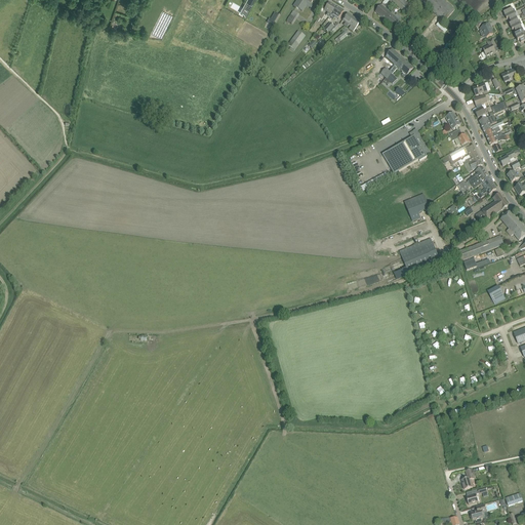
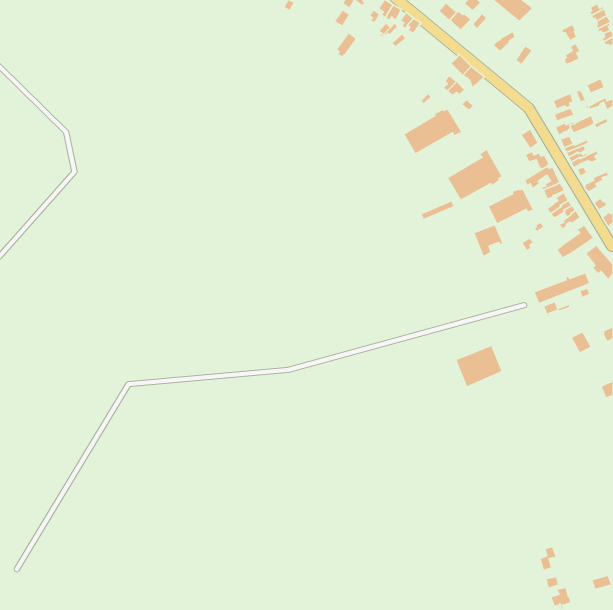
building: none -> [404,108,462,154]
building: none -> [488,188,534,224]
building: [399,236,439,272] -> [456,345,503,387]

